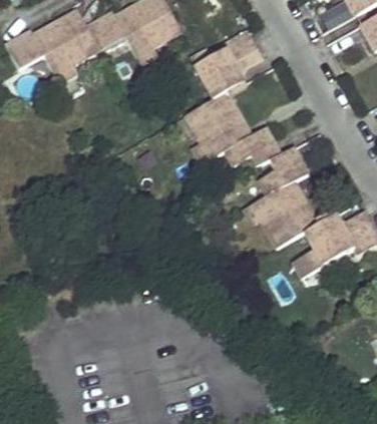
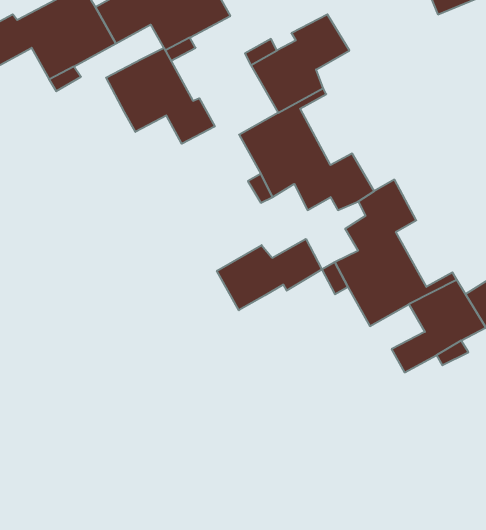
building: none -> [106,48,215,144]
building: none -> [217,239,322,310]

